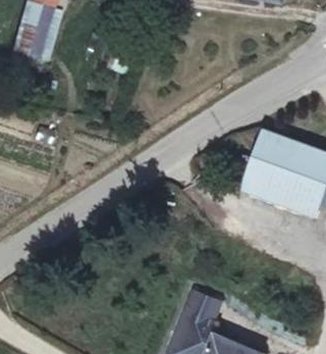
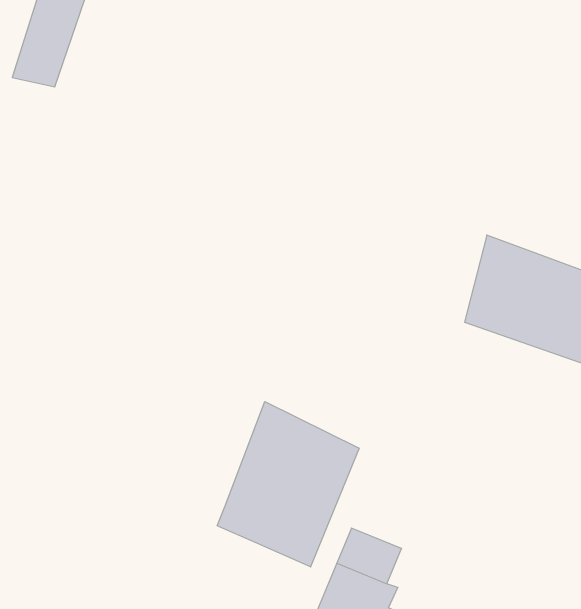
building: none -> [217,402,359,567]

